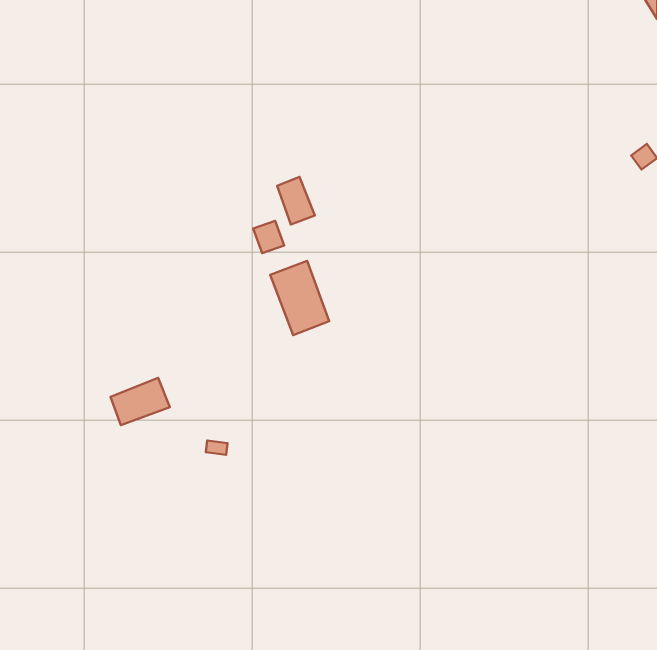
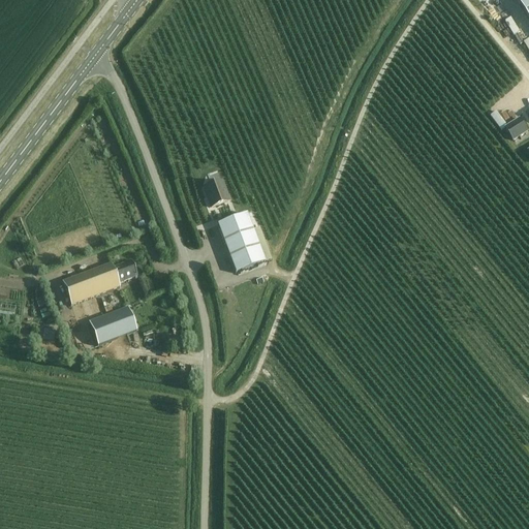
building: [277,177,315,224] -> none
building: none -> [62,257,137,303]

